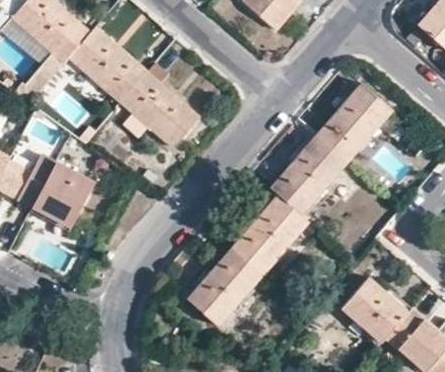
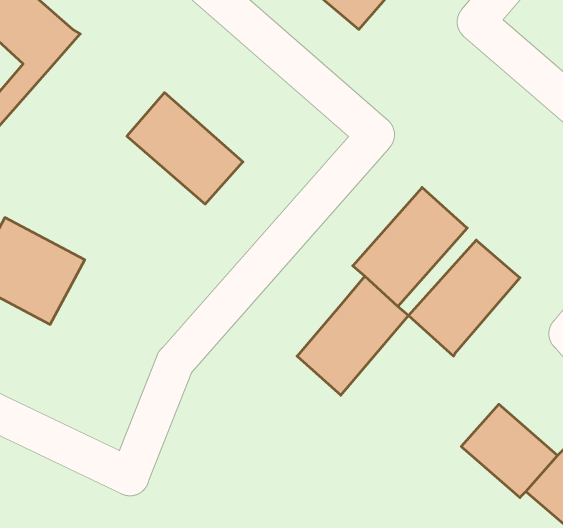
building: [68,27,146,100] -> none
building: [317,84,391,161] -> [408,240,520,356]
building: [189,246,263,324] -> none

